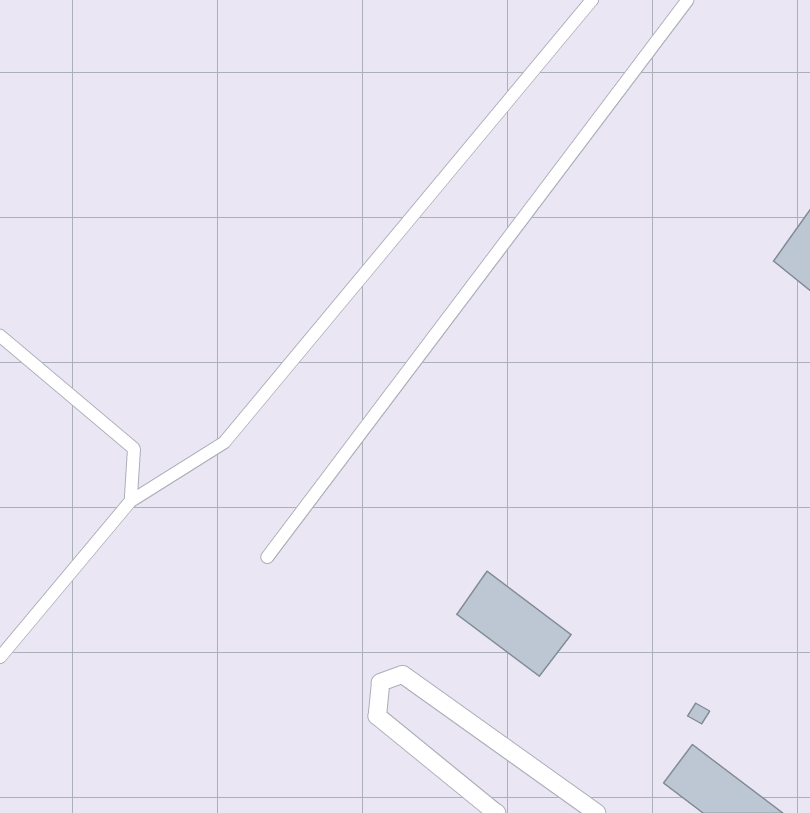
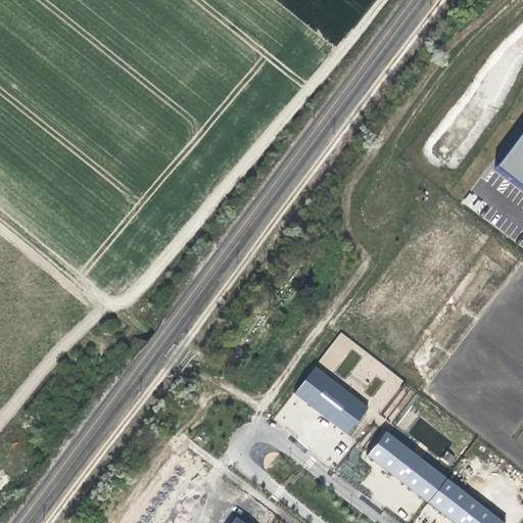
building: none -> [367,431,446,503]

